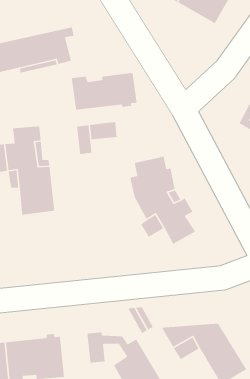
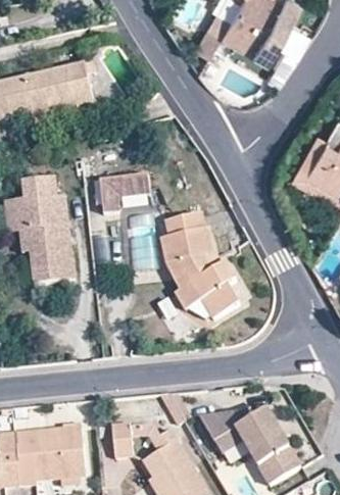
building: [71,72,138,111] -> none

